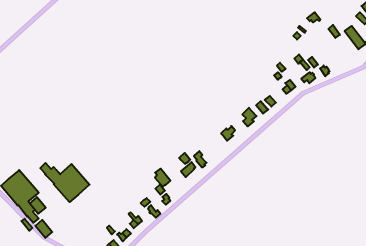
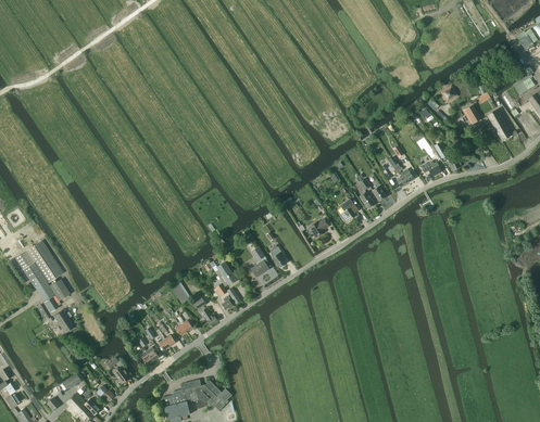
building: [40,163,90,202] -> none

